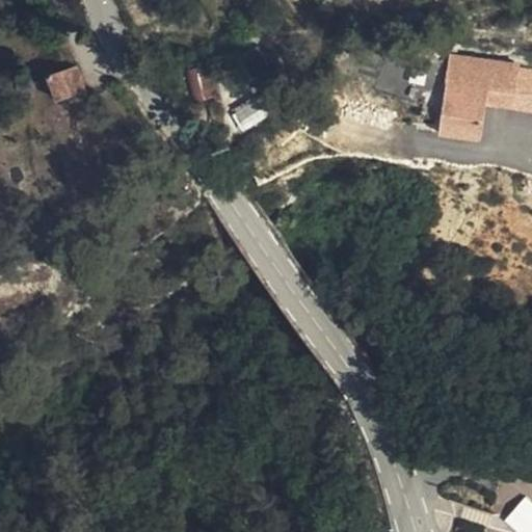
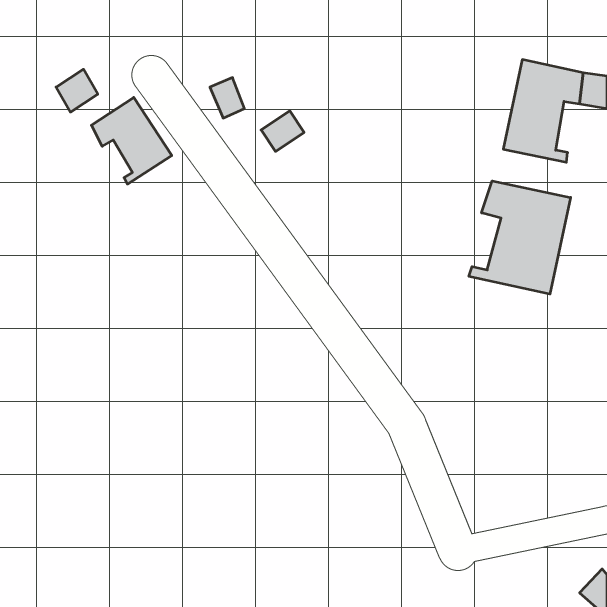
building: none -> [91,97,172,184]
building: none -> [469,181,571,294]

